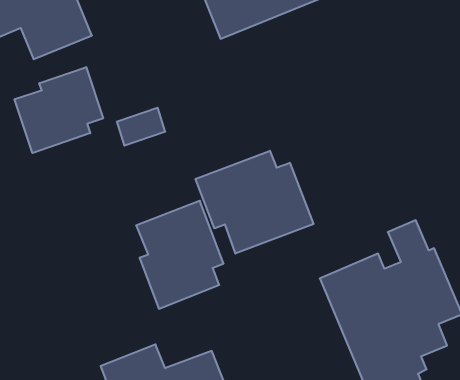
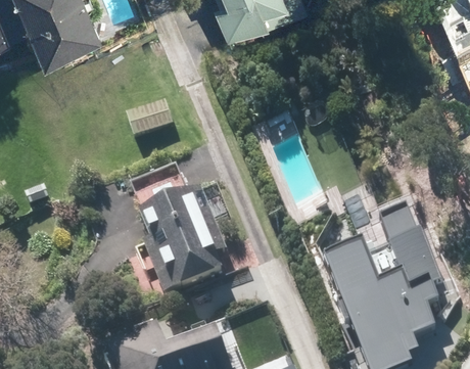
building: [15,67,103,153] -> none
building: [196,151,314,254] -> none

